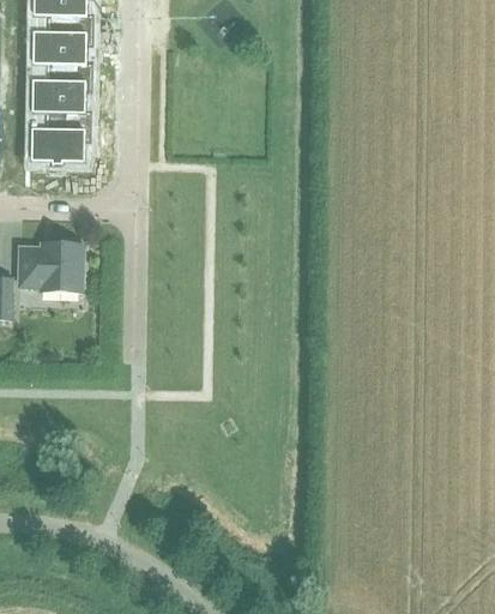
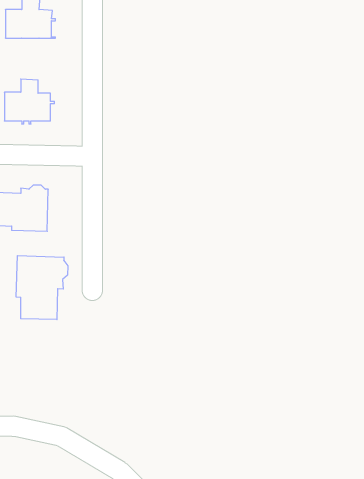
building: [31,65,91,114] -> none
building: none -> [16,256,68,320]

